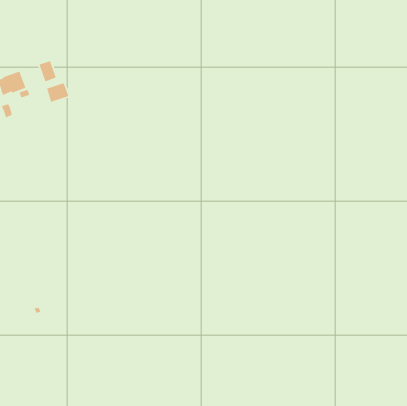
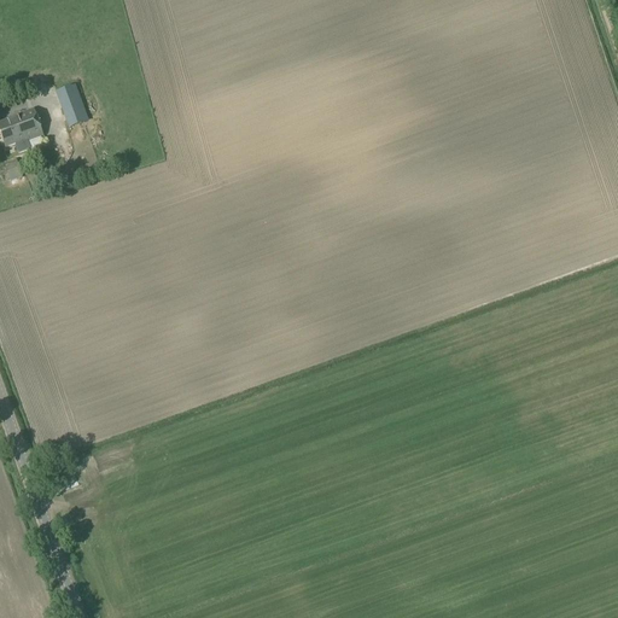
building: [46,82,69,103] -> none

